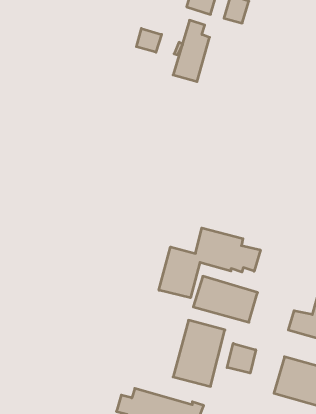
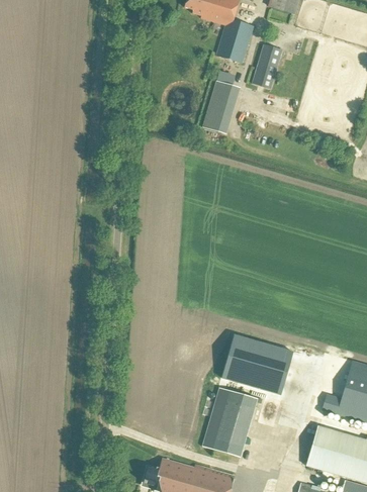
building: [136,28,162,52] -> none
building: [159,228,260,298] -> none
building: [227,343,256,373] -> none

